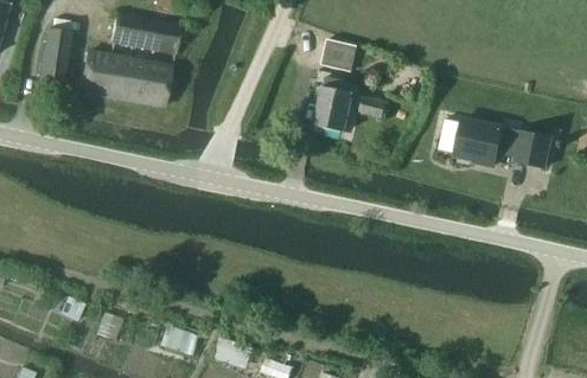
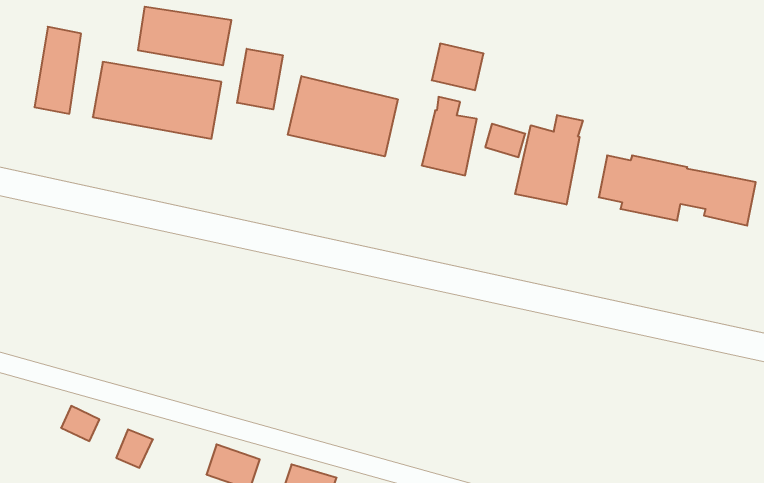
building: none -> [237,49,283,109]
building: none -> [288,76,398,156]
building: none -> [515,115,583,205]

